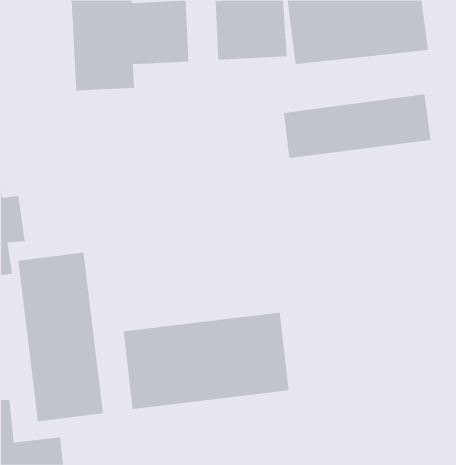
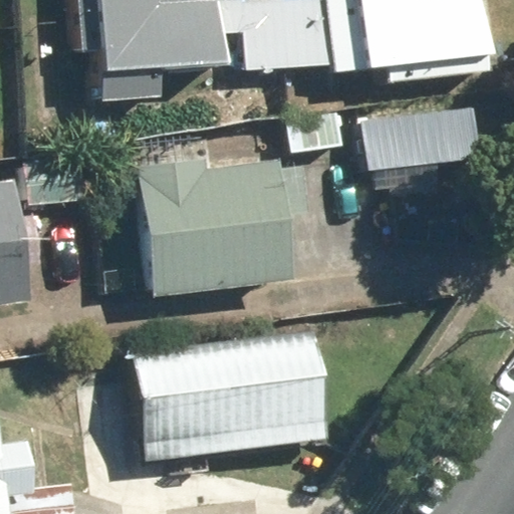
building: none -> [134,161,306,297]
building: [18,252,104,422] -> none

